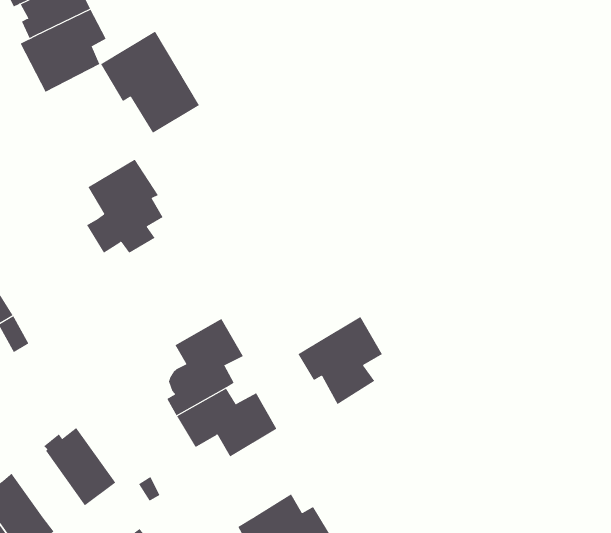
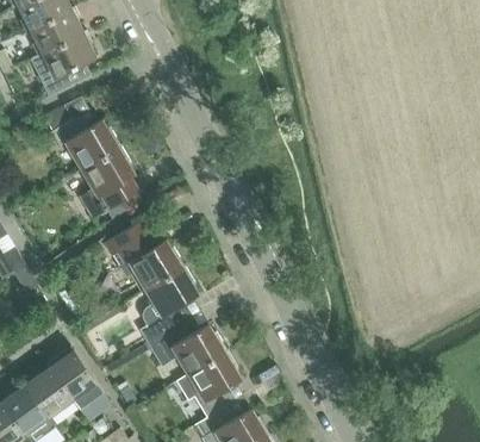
building: [100,31,200,133] -> [42,92,117,169]
building: none -> [104,218,182,288]
building: [298,316,383,405] -> [176,351,241,418]
building: none -> [24,368,79,418]

